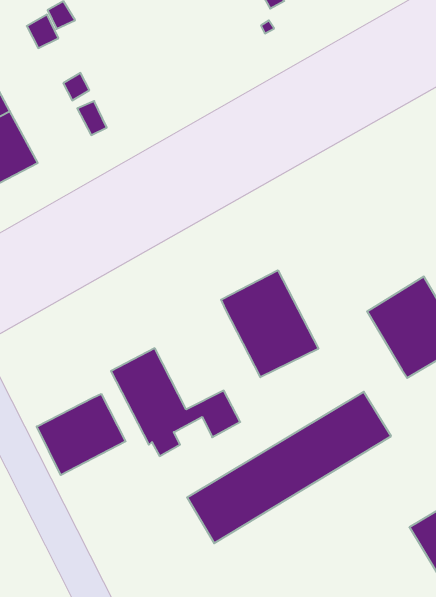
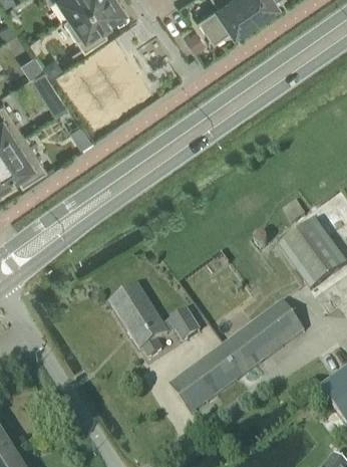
building: [221,270,318,377] -> none
building: [37,394,126,475] -> none

